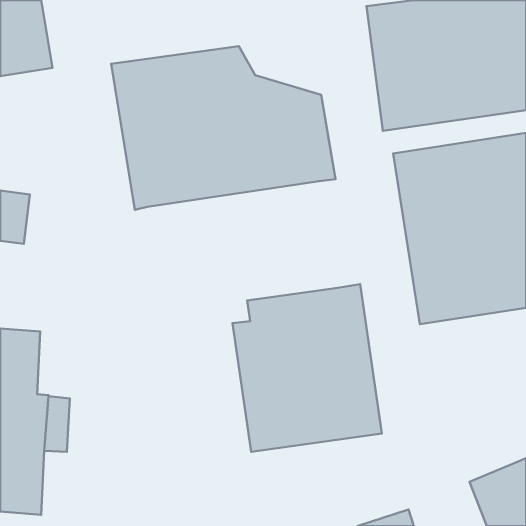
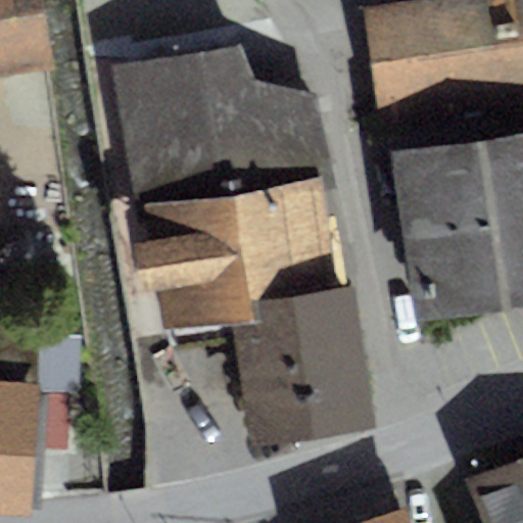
building: none -> [132,180,333,331]

